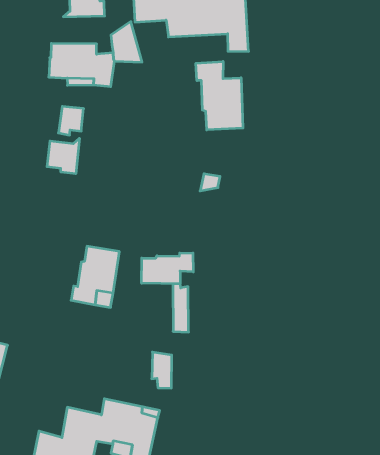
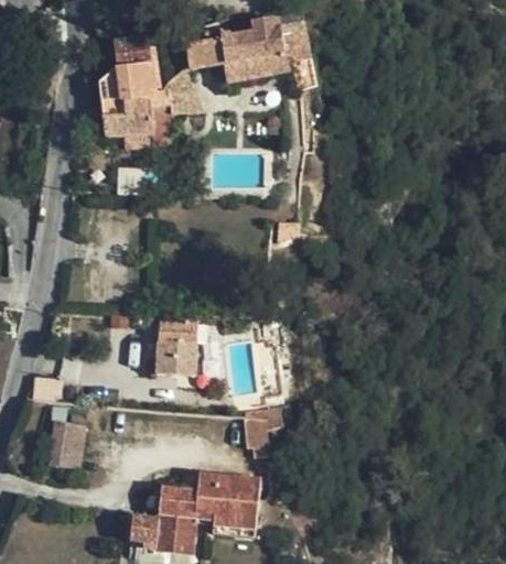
building: none -> [101,64,160,99]
building: [196,61,243,130] -> none
building: [47,138,79,174] -> none
building: [142,253,193,284] -> none

